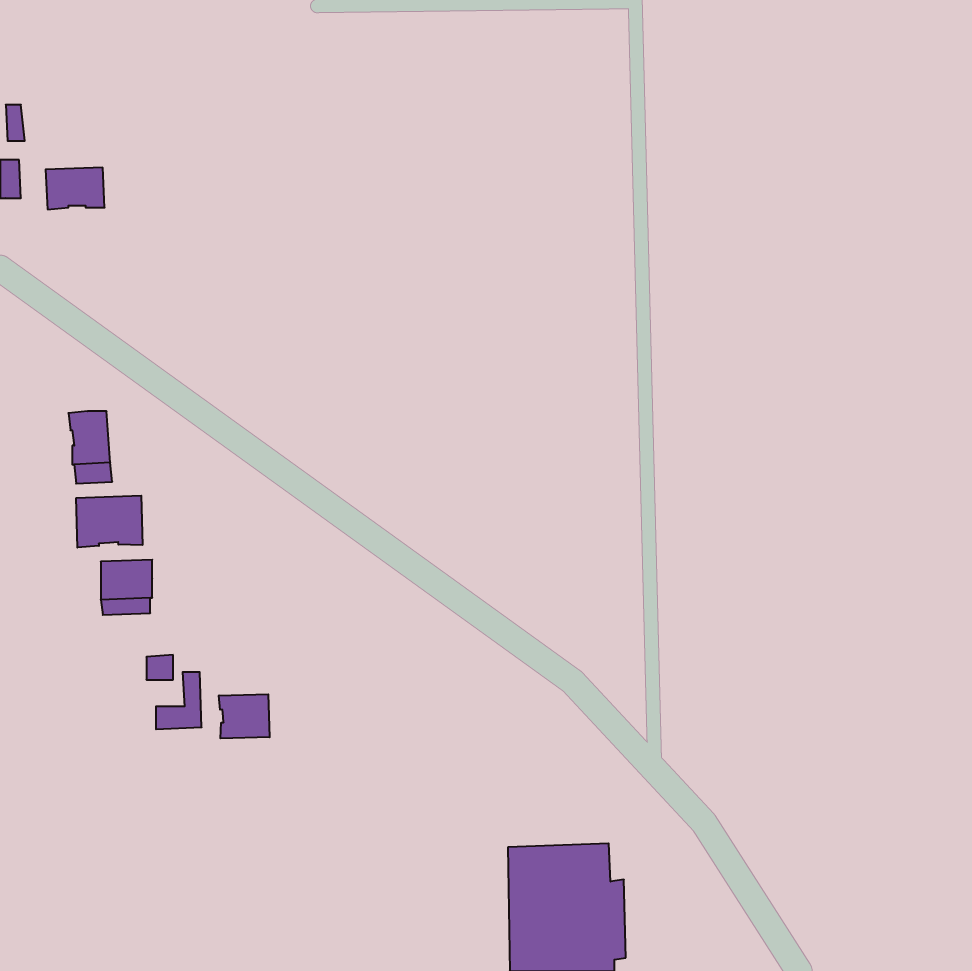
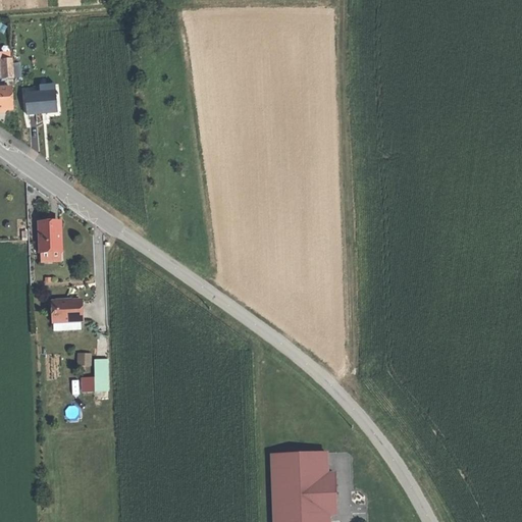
building: [76,496,142,548] -> none
building: [219,694,270,738] -> none

